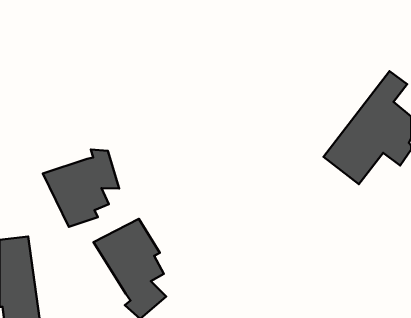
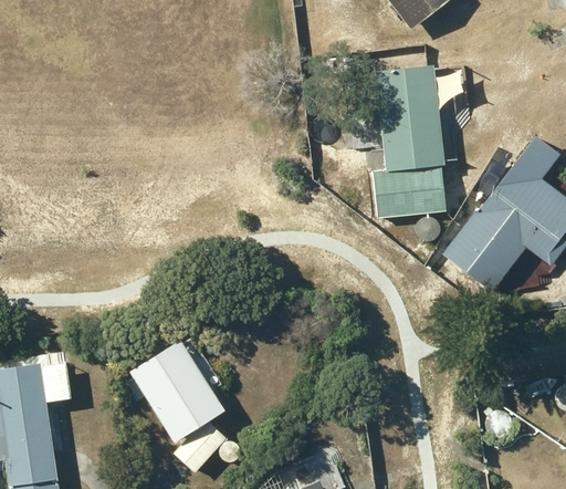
building: none -> [370,64,446,218]
building: [43,149,119,227] -> none

